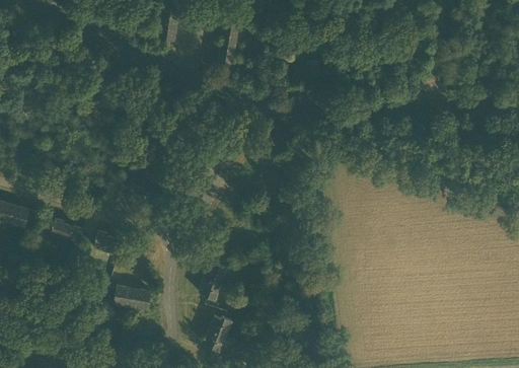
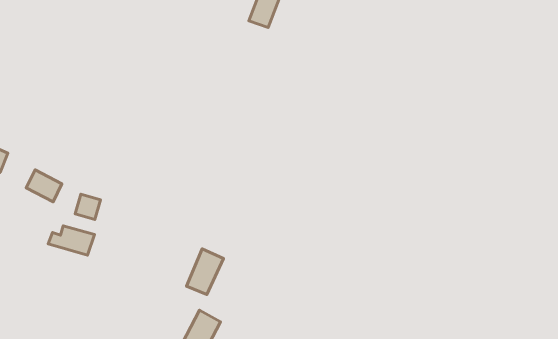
building: [114,287,151,308] -> [48,226,94,255]

